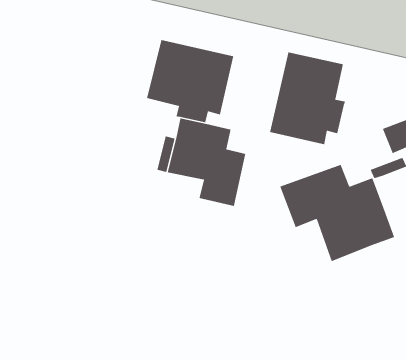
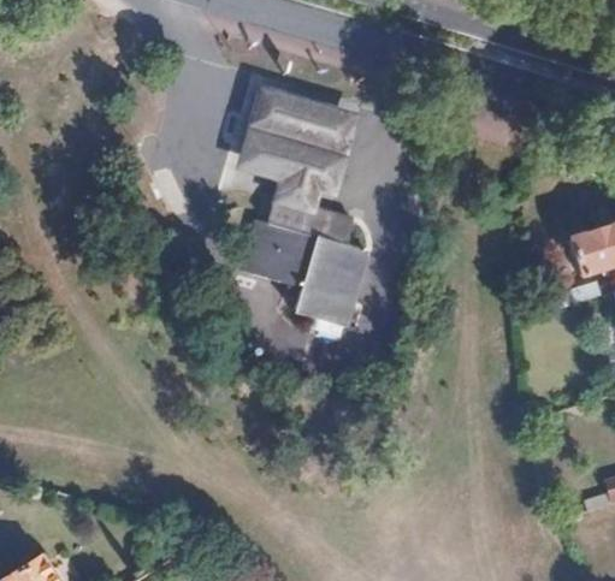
building: [269,52,346,145] -> none
building: [279,164,395,262] -> none

